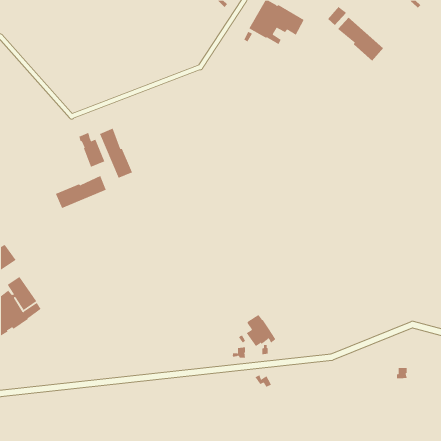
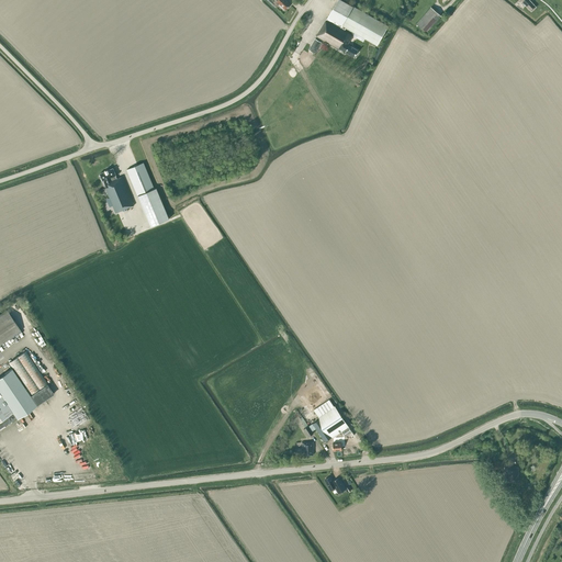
building: [337,17,384,61] -> none
building: [55,175,107,209] -> none

